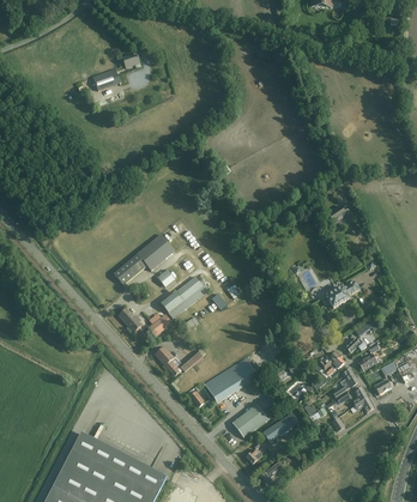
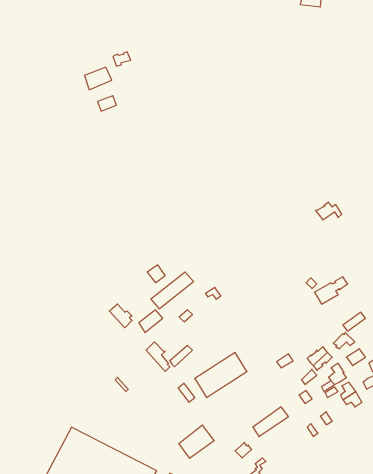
building: [113,235,174,286] -> none
building: [231,405,267,439] -> [179,425,214,458]

